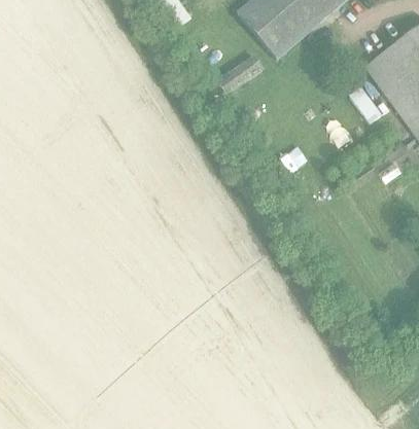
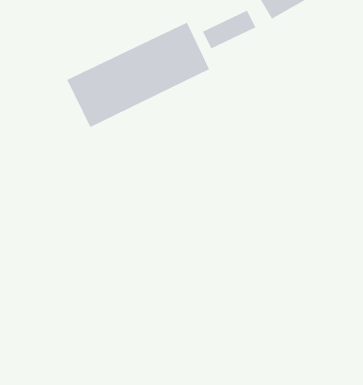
building: none -> [67,22,210,128]

